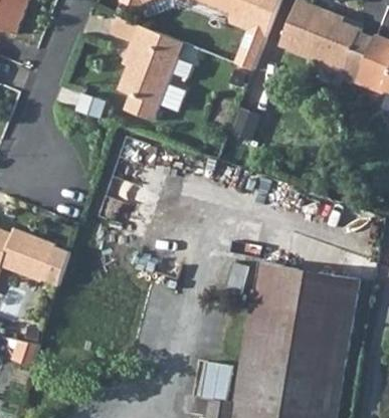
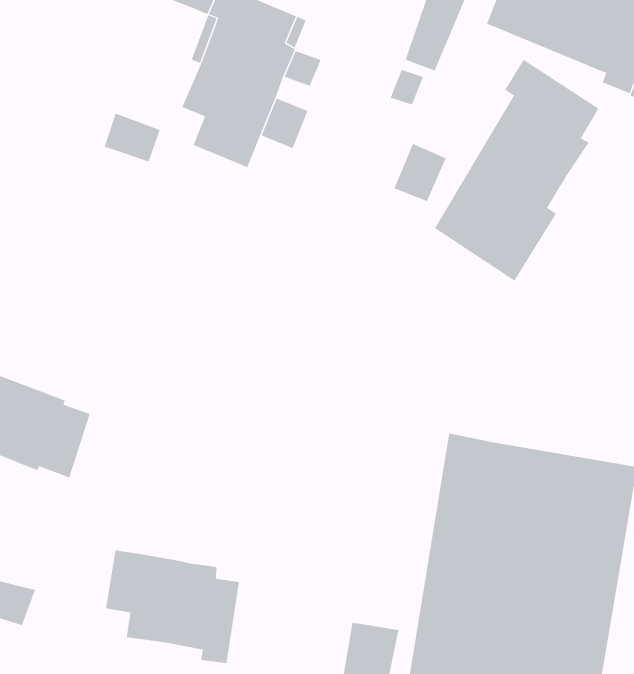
building: none -> [434,59,599,282]
building: none -> [106,550,239,664]

